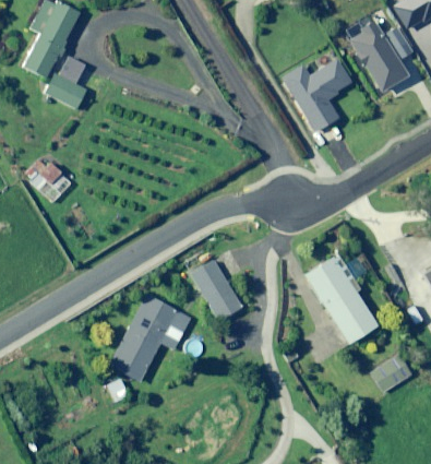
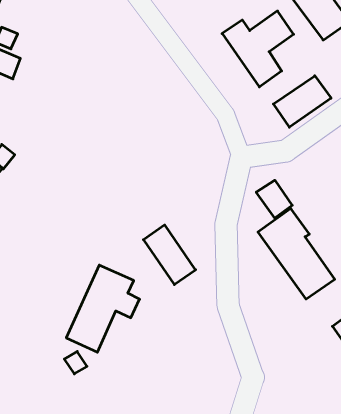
building: none -> [273,76,331,127]
building: none -> [256,180,292,218]

